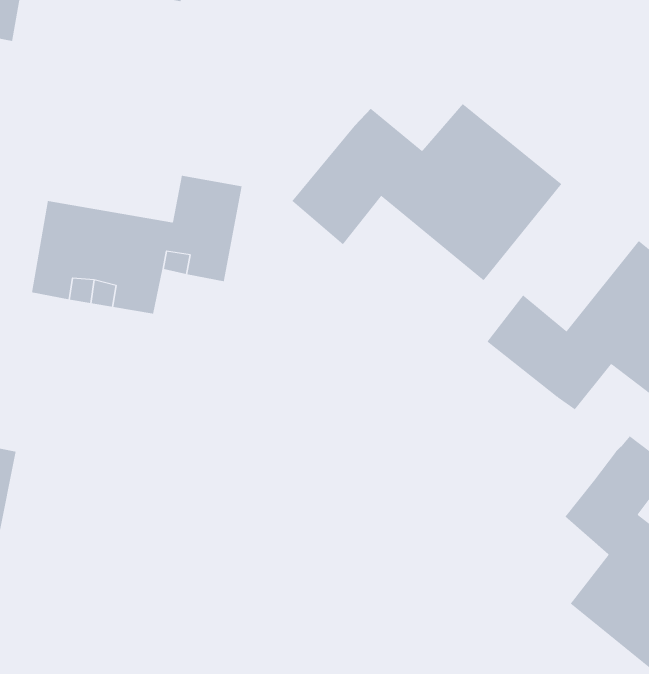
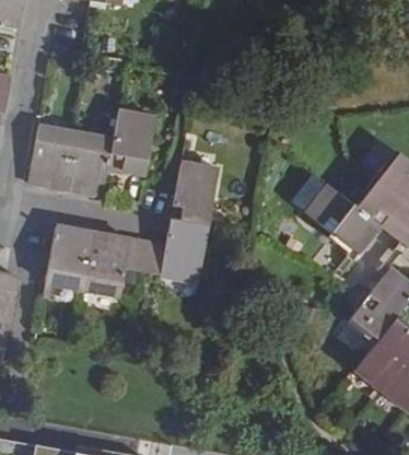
building: [291,103,562,281] -> none
building: none -> [44,161,218,295]

